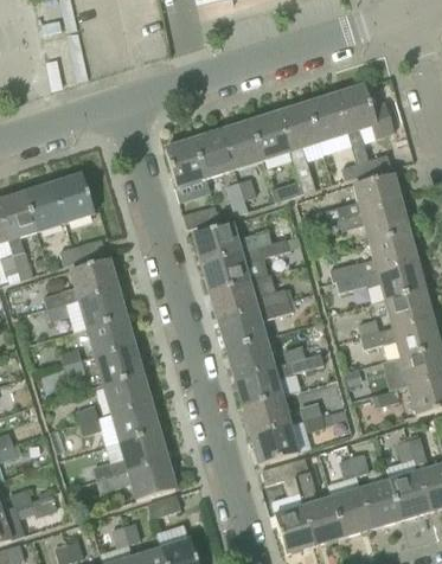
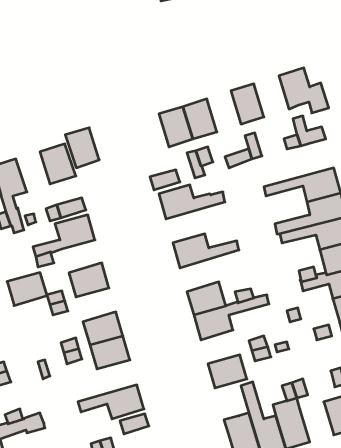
building: [306,94,347,142] -> none
building: [250,111,290,160] -> none
building: [165,139,205,186] -> none
building: [306,173,401,226] -> none
building: [24,184,64,231] -> [65,128,99,168]
building: [201,238,289,291] -> none
building: [78,288,126,327] -> [7,273,47,306]
building: [218,300,292,350] -> none
building: [95,345,142,385] -> none
building: [243,395,289,435] -> none
building: [94,430,167,480] -> none
building: [261,461,300,496] -> none
building: [360,480,401,527] -> none

